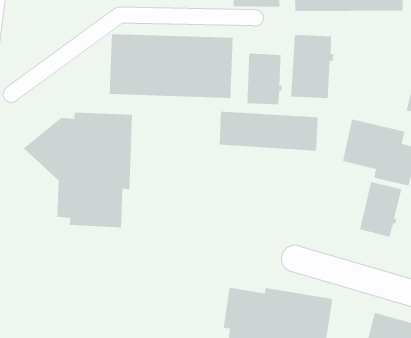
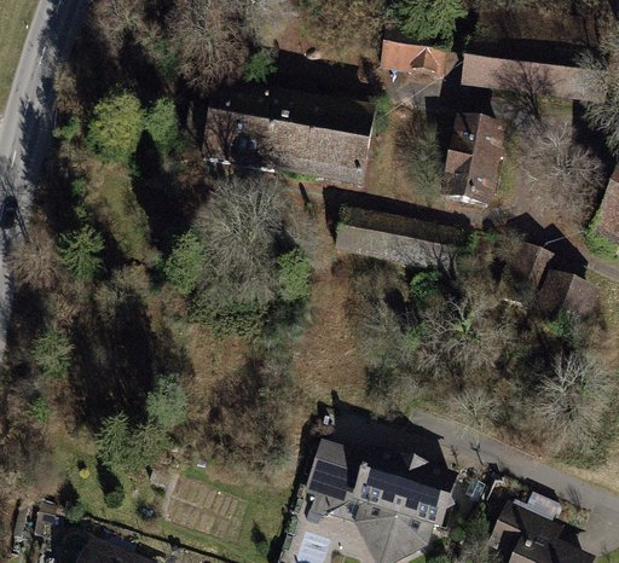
building: [247,53,282,105] -> none
building: [23,112,133,228] -> none
building: [359,181,402,237] -> none

